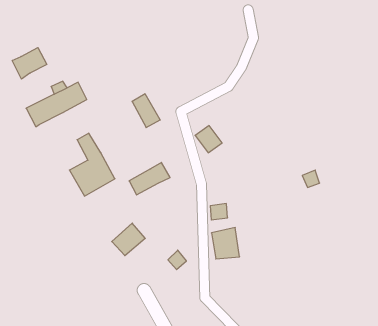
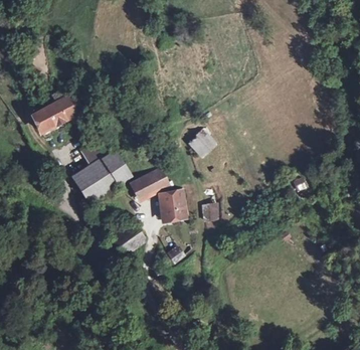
building: [12,48,47,79] -> none
building: [132,94,160,128] -> [102,151,128,182]
building: [211,228,240,259] -> [161,192,187,221]

